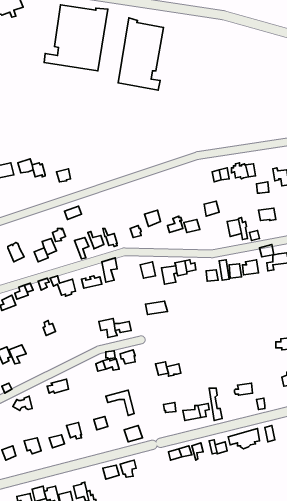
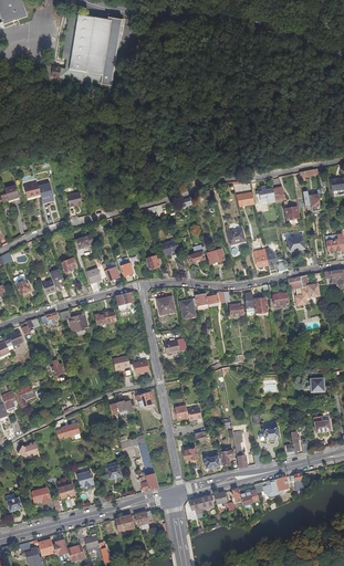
building: [118,18,163,90] -> none

